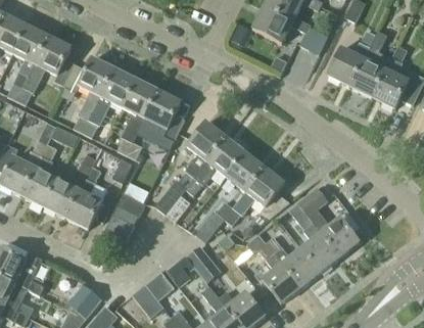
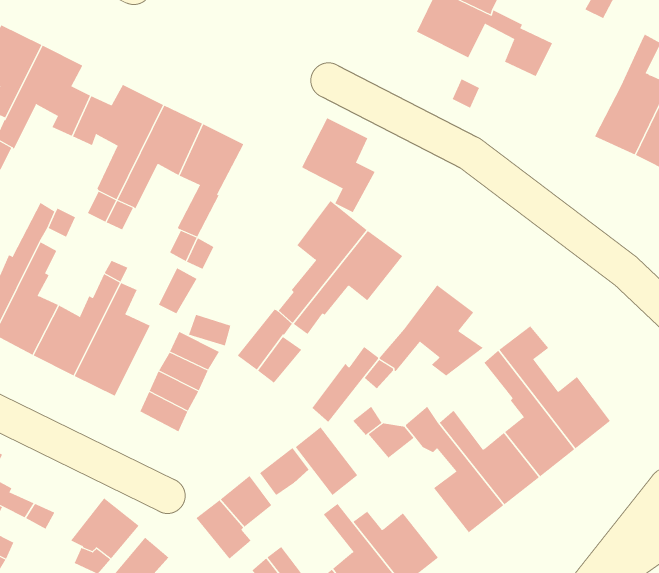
building: [327,30,375,86] -> none
building: [144,90,185,142] -> [301,118,376,213]
building: [226,151,264,191] -> none

